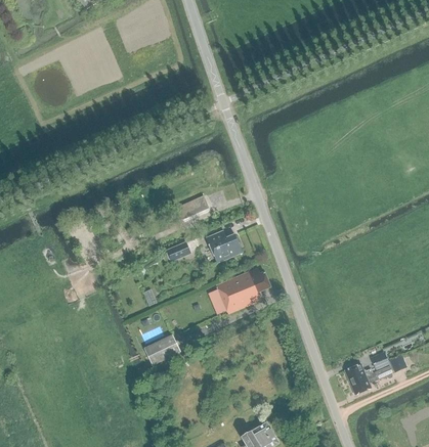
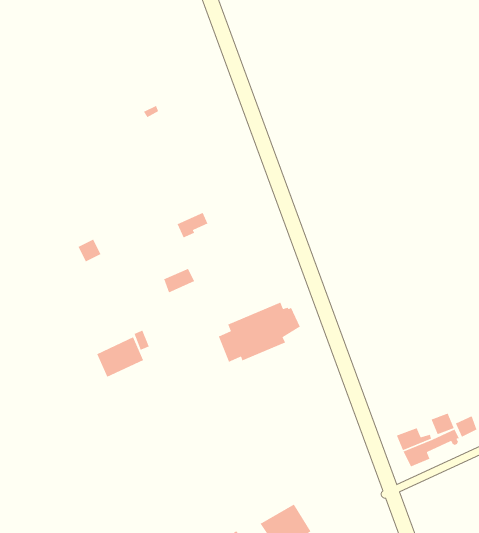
building: [206,230,242,262] -> none
building: [143,333,180,365] -> [96,336,144,378]

